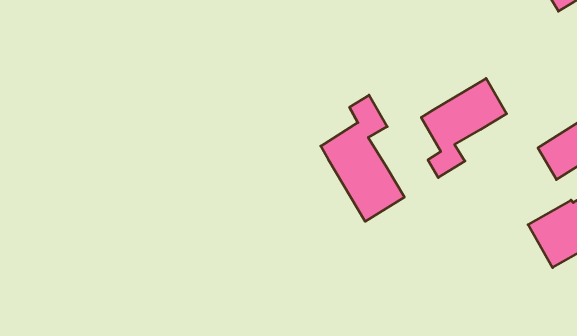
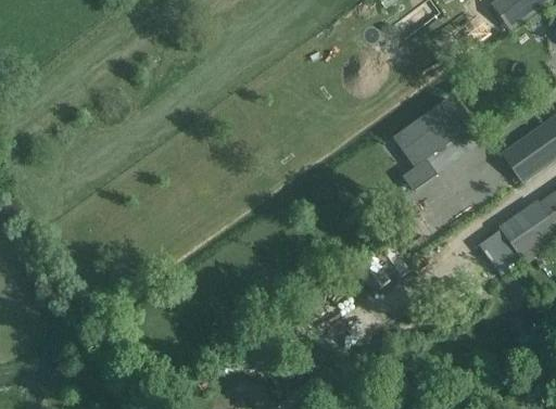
building: [321,95,404,221] -> none
building: none -> [480,228,523,276]

